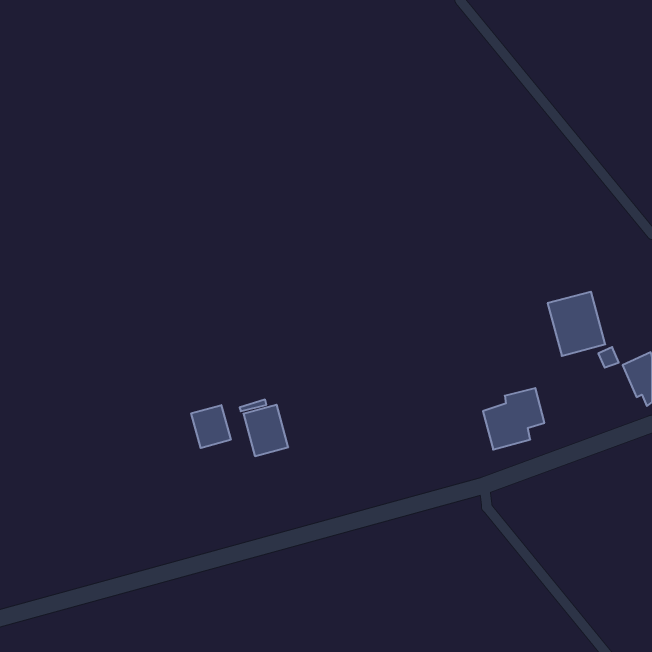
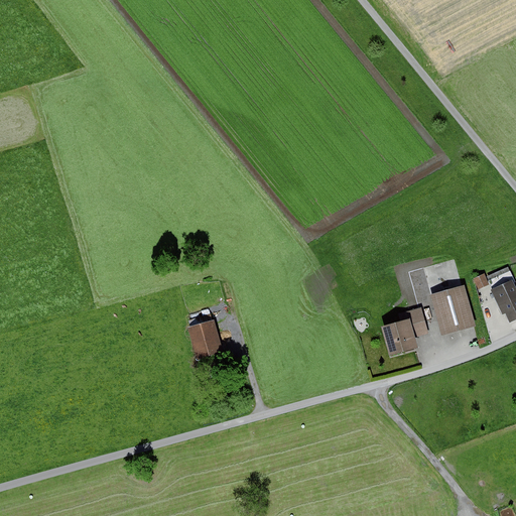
building: [548,292,605,356] -> [429,284,475,335]
building: [191,405,231,448] -> none

